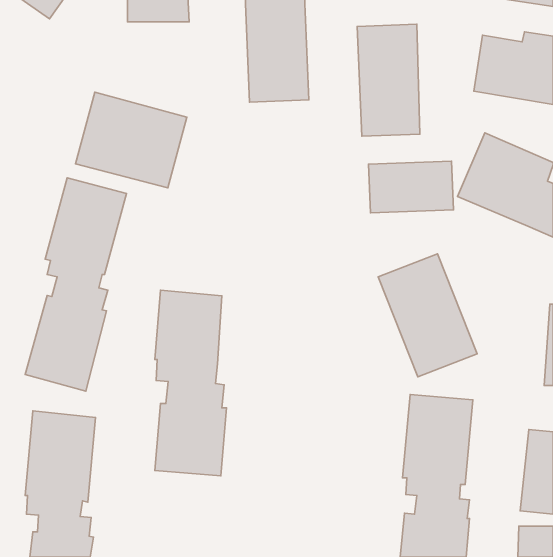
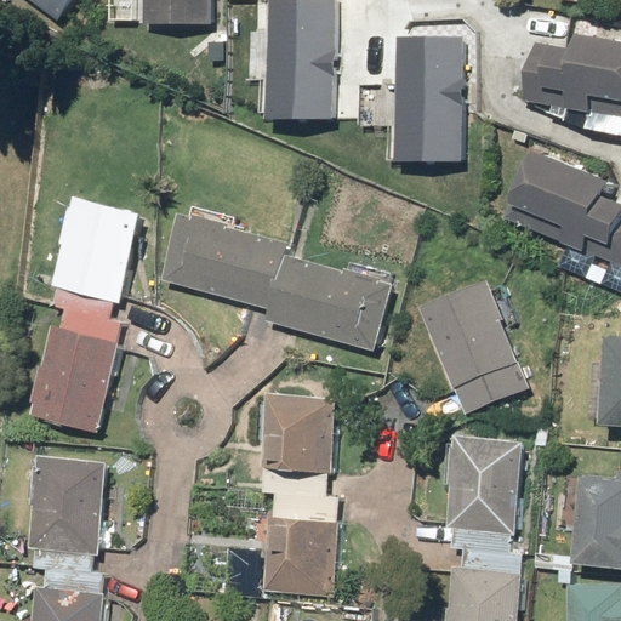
building: [75,92,187,188] -> none
building: [368,161,454,213] -> none
building: none -> [159,212,389,352]
building: [155,290,226,476] -> [258,392,337,597]

